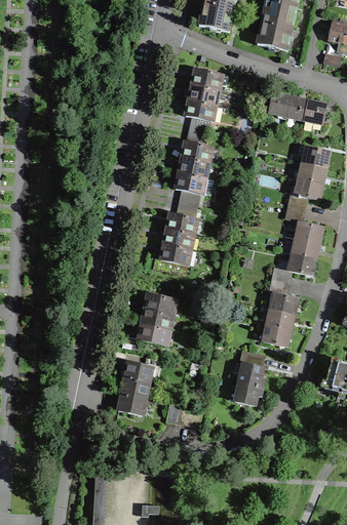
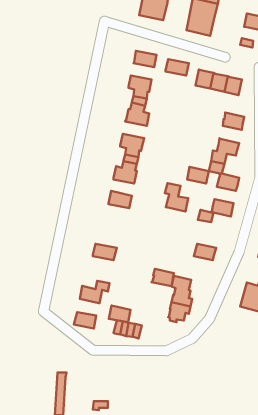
building: [188,84,217,105] -> [166,59,189,76]
building: [178,157,207,177] -> none
building: [299,162,325,184] -> none
building: [163,229,192,249] -> none
building: [292,238,318,258] -> [187,167,209,183]
building: [268,279,297,314] -> [165,183,188,211]
building: [144,293,174,314] -> none
building: [138,324,166,345] -> none
building: [262,324,290,346] -> [152,269,174,286]
building: [121,377,148,398] -> [109,306,130,322]

